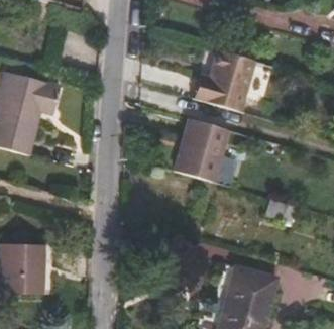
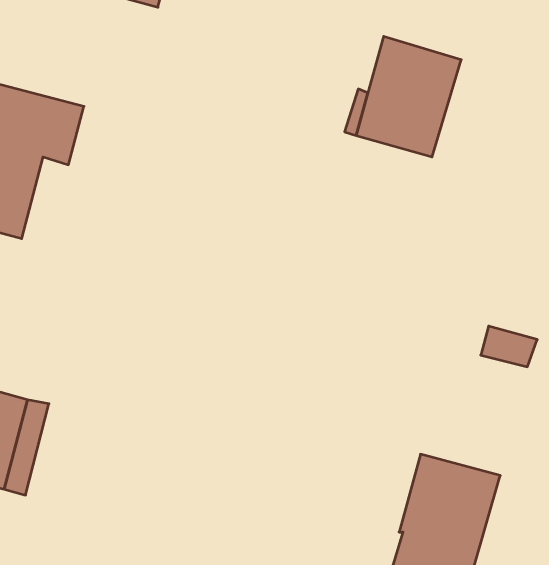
building: [174,118,227,182] -> none

